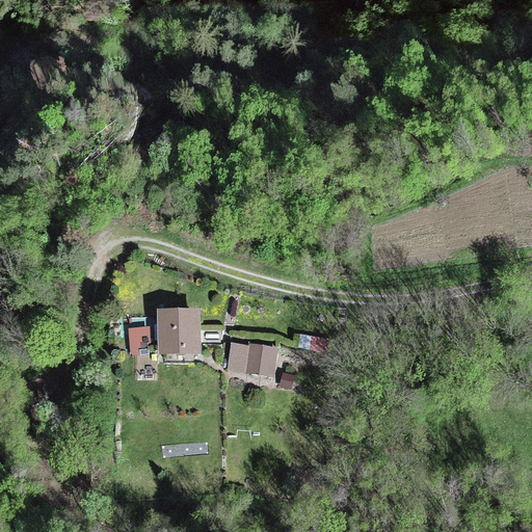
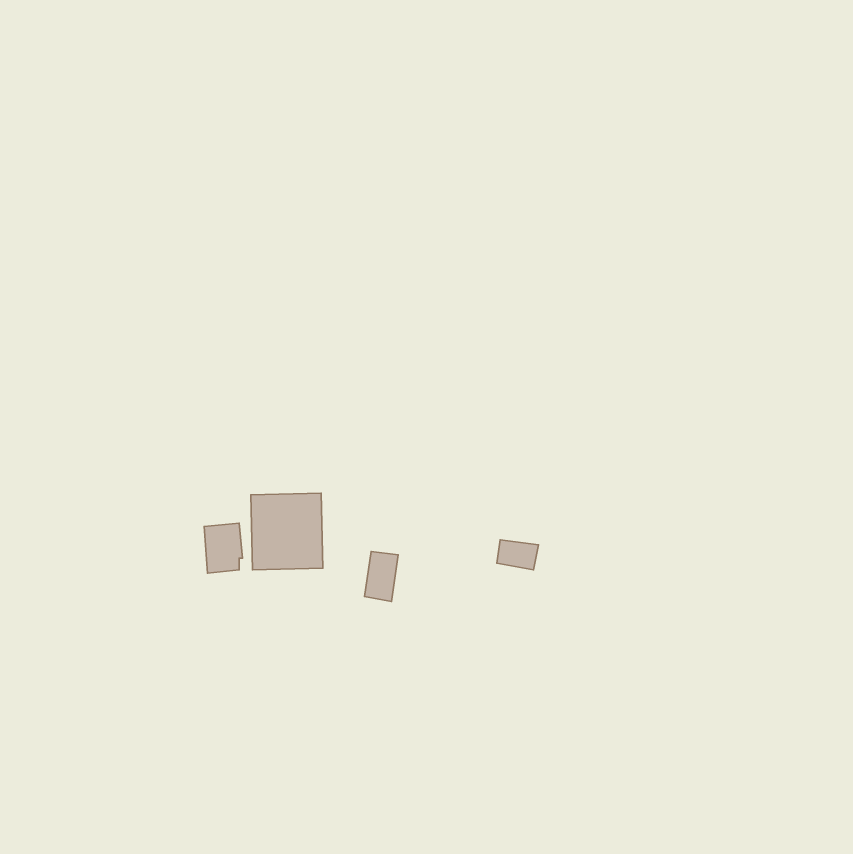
building: [243,343,276,377] -> none

